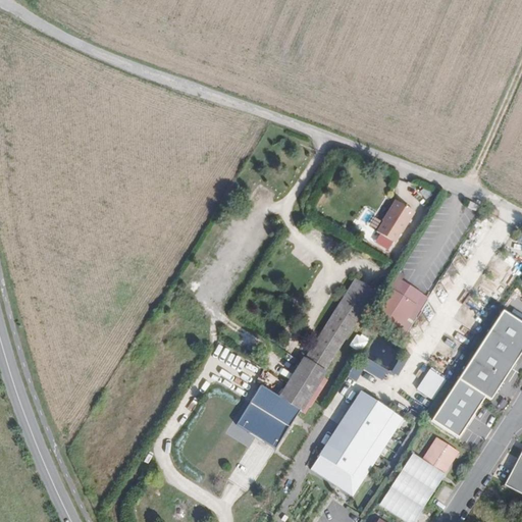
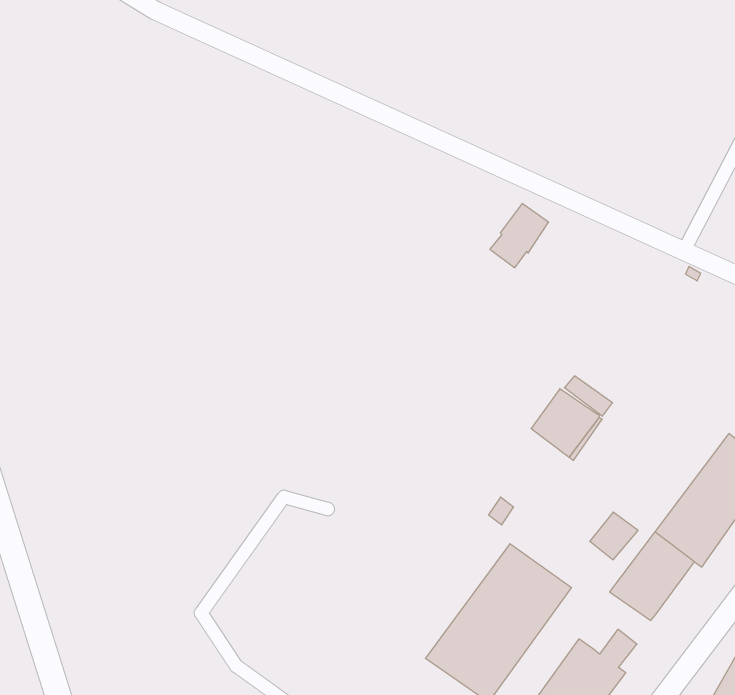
building: [375,199,413,242] -> [490,204,549,268]
building: [236,277,374,447] -> none
building: [422,435,459,472] -> none

